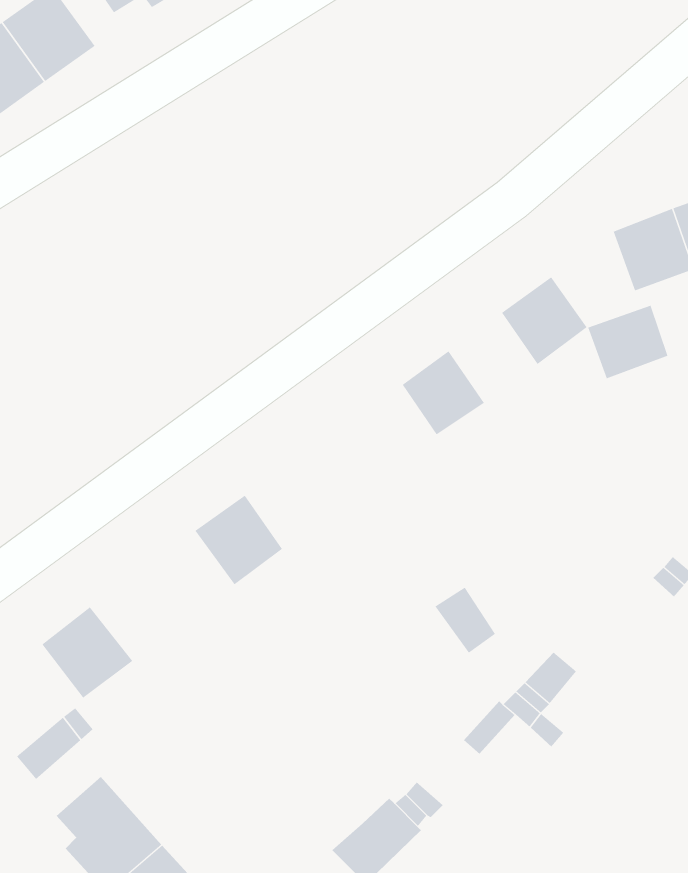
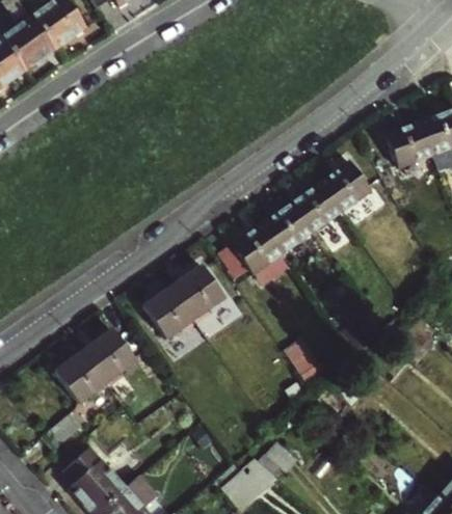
building: [588,305,668,379] -> none
building: none -> [291,182,342,234]
building: none -> [233,223,284,275]
building: none -> [174,266,224,318]
building: none -> [84,330,136,382]

